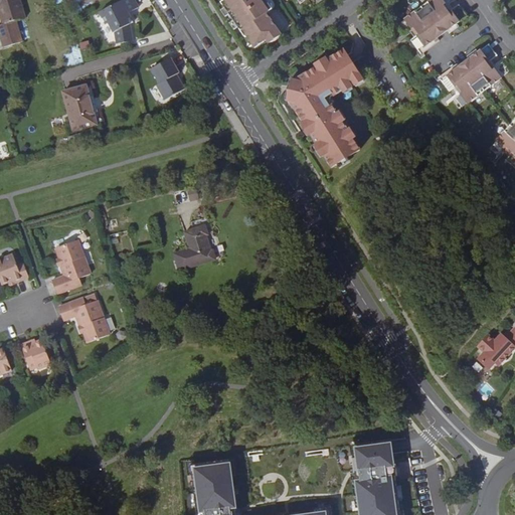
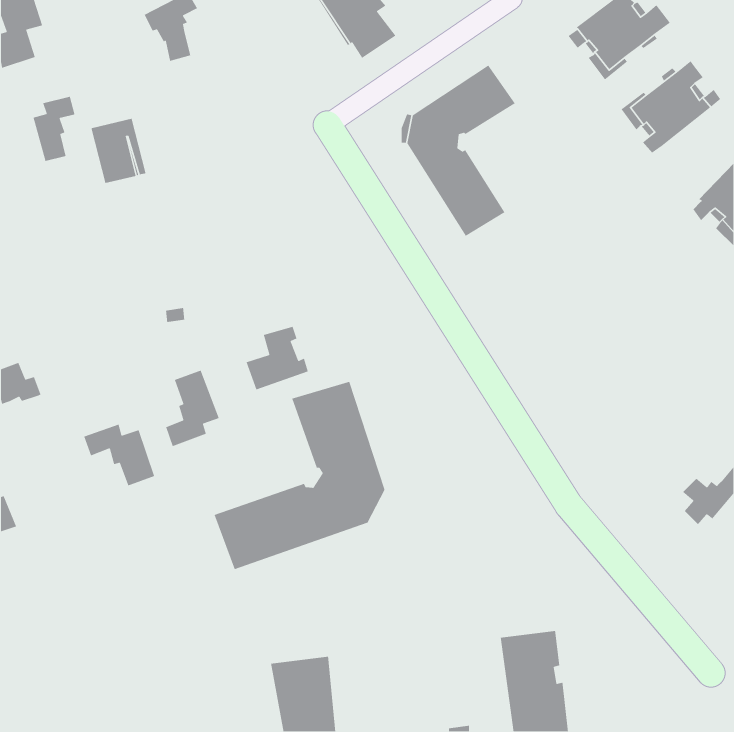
building: [152,56,181,96] -> none
building: none -> [32,96,76,162]
building: [52,239,91,294] -> [165,370,220,447]
building: none -> [213,381,385,570]
building: [22,339,51,368] -> none

